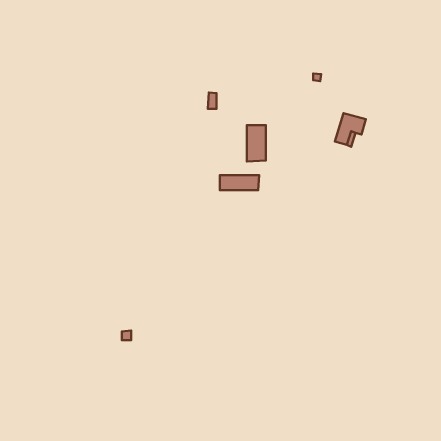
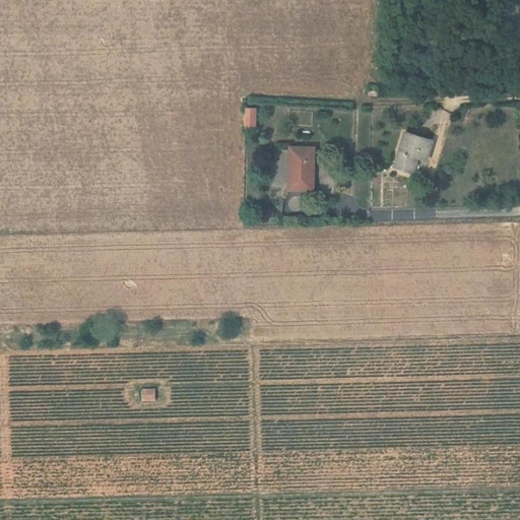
building: [220,175,259,190] -> none

